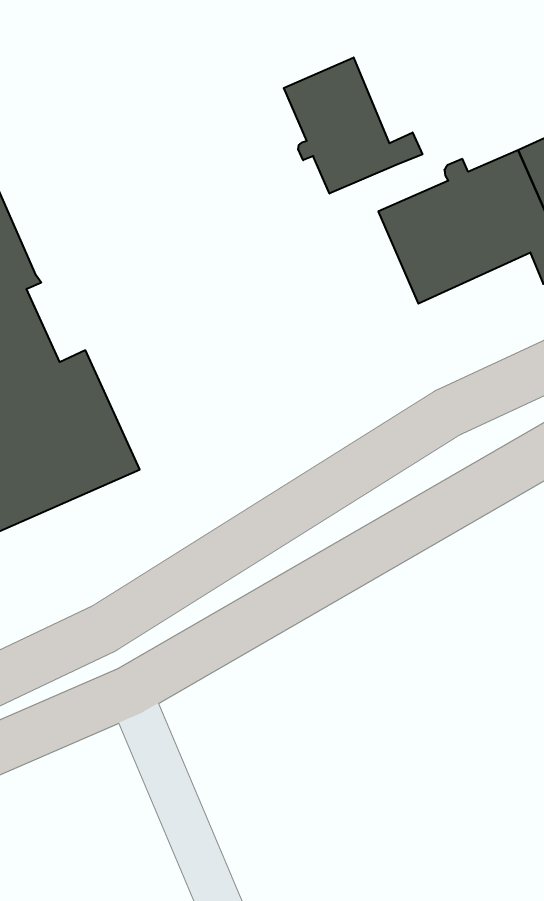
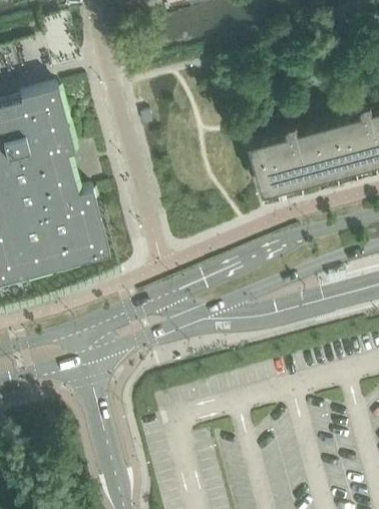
building: [284,57,422,194] -> none

